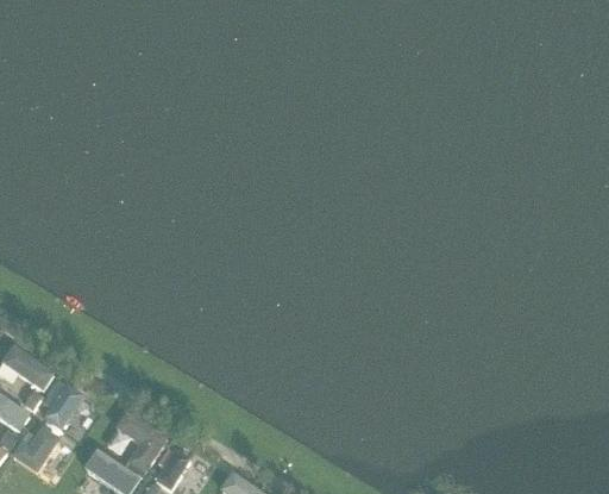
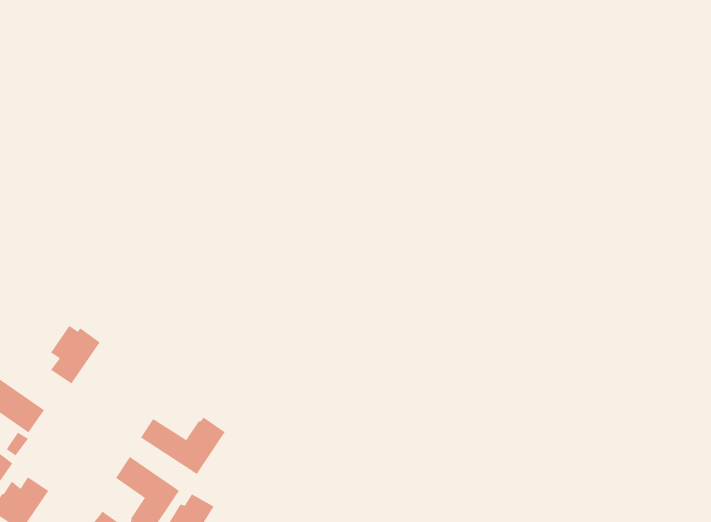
building: none -> [140,417,226,475]
building: [42,380,83,429] -> [50,325,101,384]

